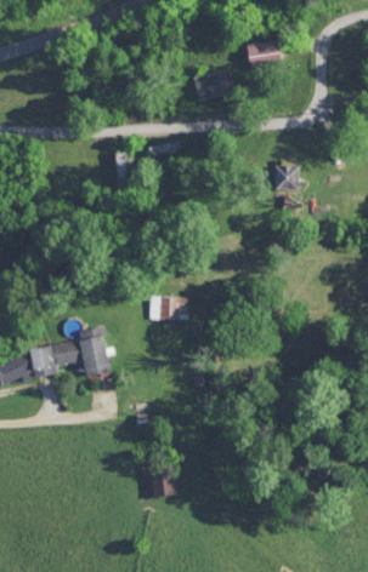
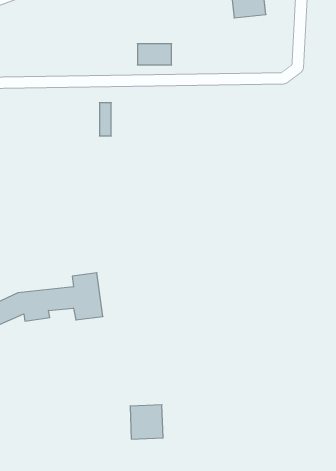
building: [193,73,228,95] -> [137,44,172,65]
building: [281,166,305,189] -> none
building: [152,298,181,319] -> none

